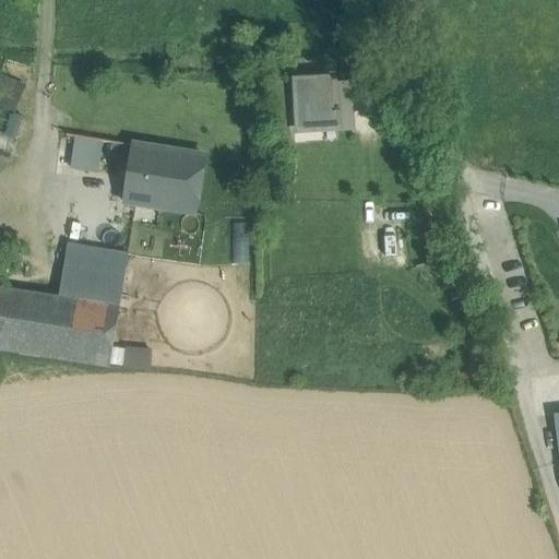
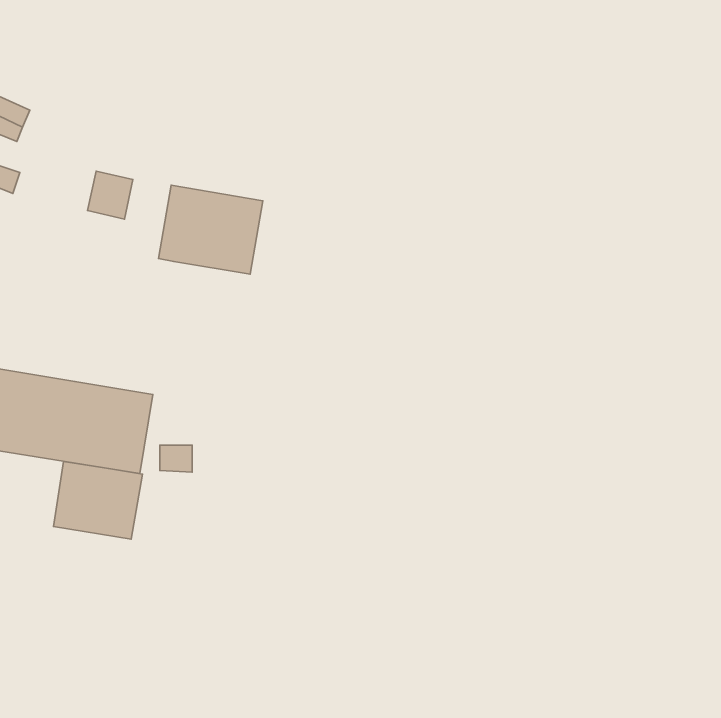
building: [295,80,345,127] -> none
building: [58,245,127,305] -> [53,461,143,539]

